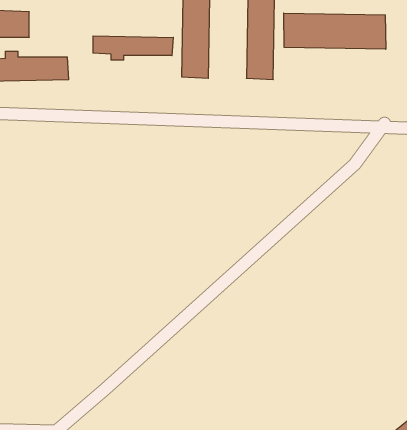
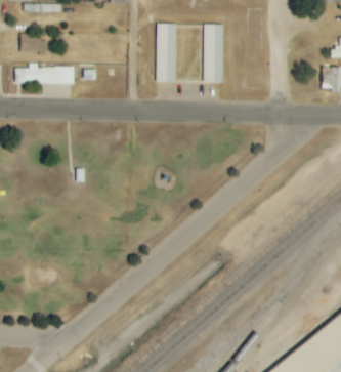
building: [284,13,386,49] -> none
building: [93,36,173,60] -> none

